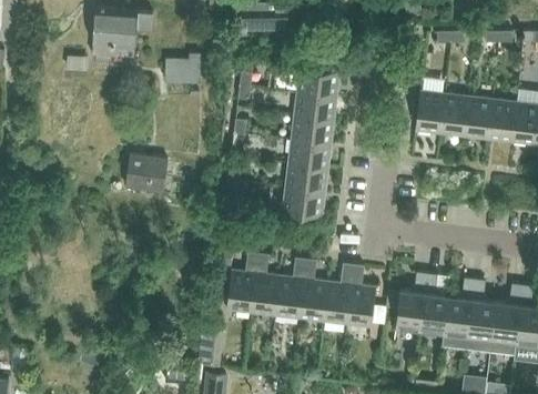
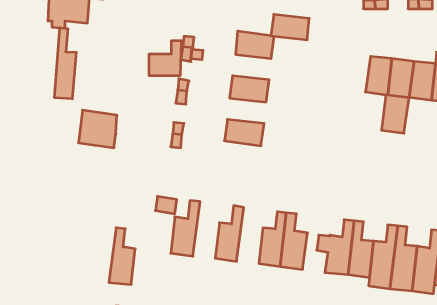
building: [165,44,201,82] -> [149,41,181,75]
building: none -> [55,28,76,99]
building: [415,91,445,133] -> [382,95,409,133]
building: [294,92,336,120] -> [271,14,309,40]
building: [288,140,331,168] -> none
building: [282,186,325,216] -> none
building: [251,253,280,315] -> [109,228,135,284]
building: [298,260,327,321] -> none

